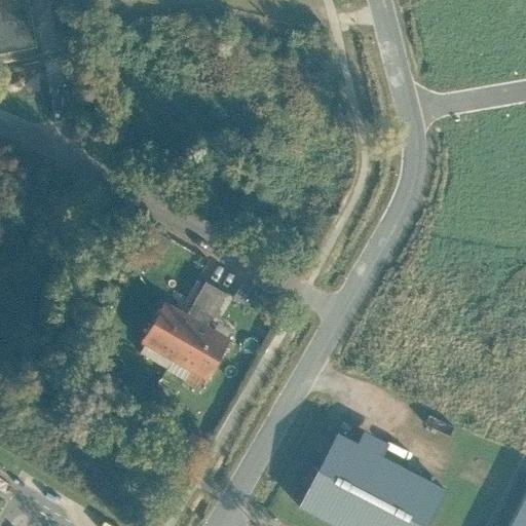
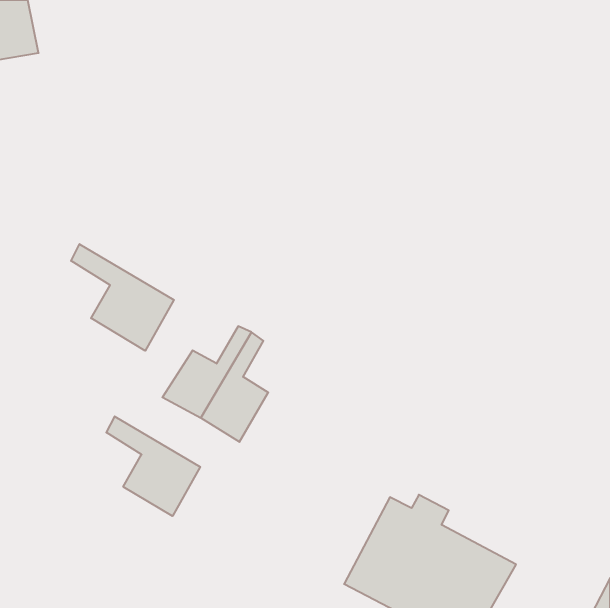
building: none -> [71,244,174,351]
building: none -> [106,416,200,516]

